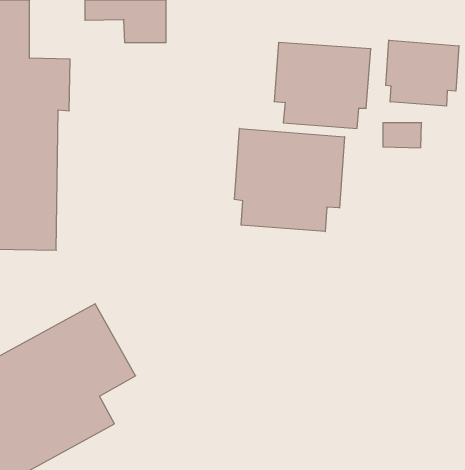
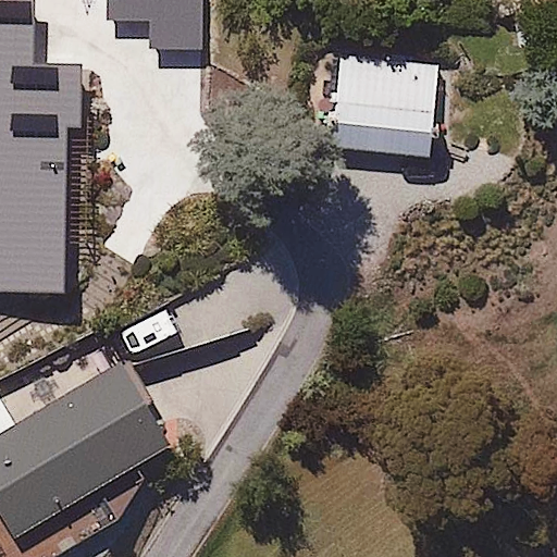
building: [386,40,459,106] -> none
building: [234,128,345,232] -> none

